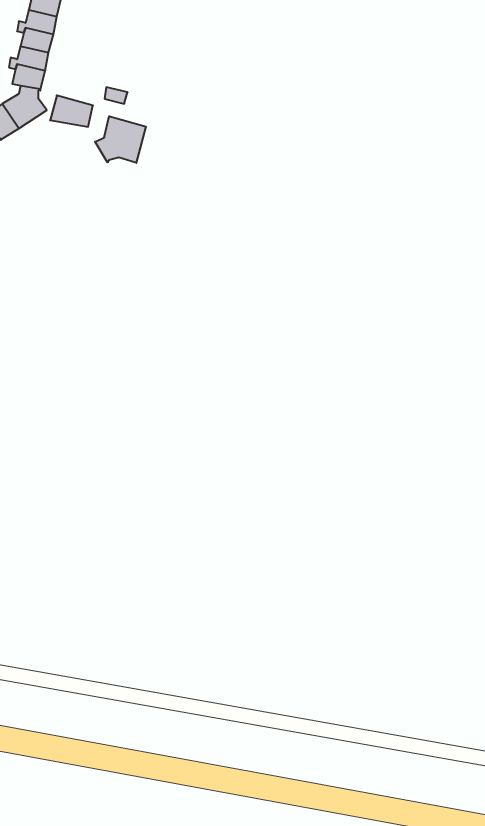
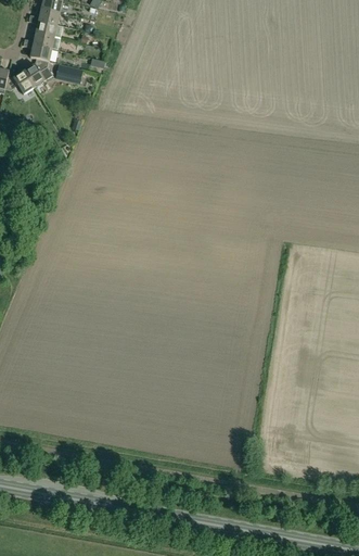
building: [95,116,146,163] -> none

